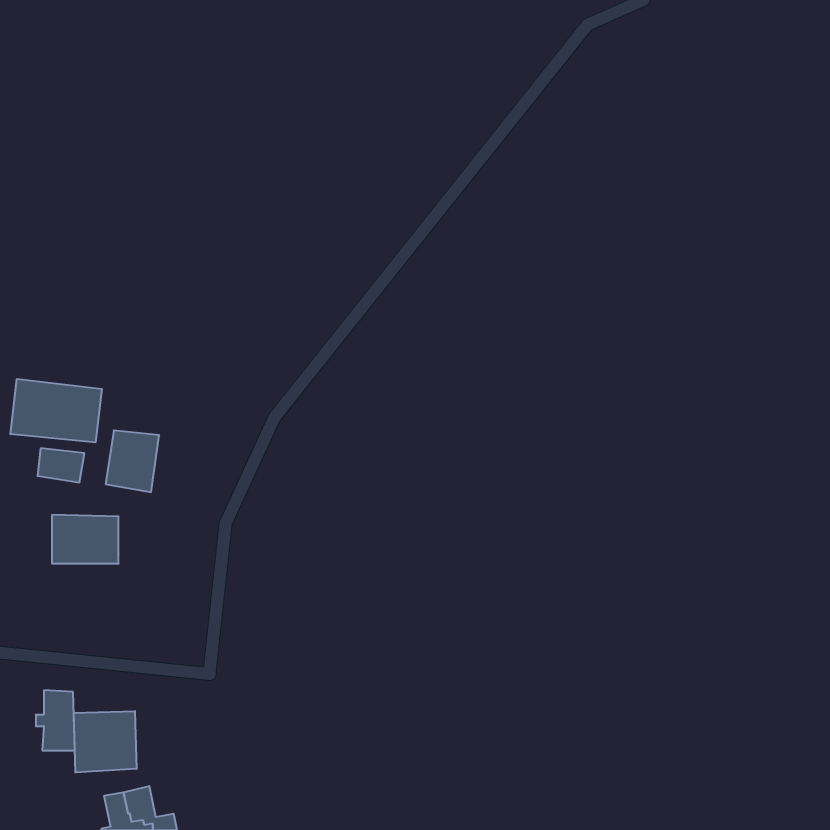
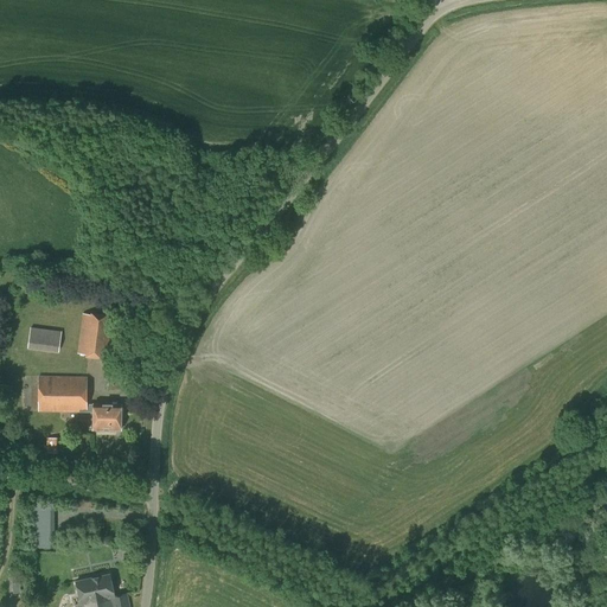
building: [10,379,102,442] -> none
building: none -> [87,404,123,427]
building: [74,711,137,773] -> none

